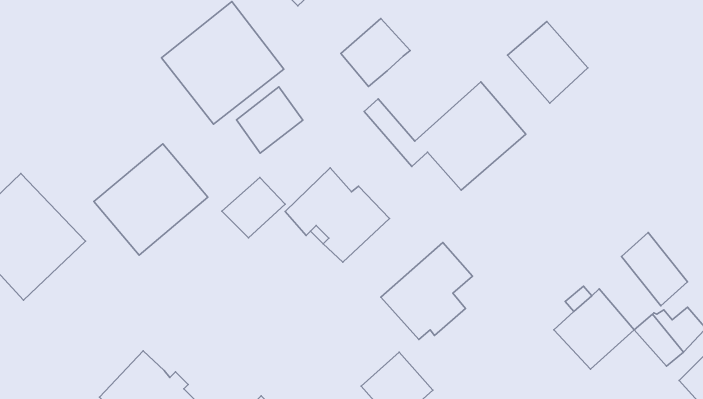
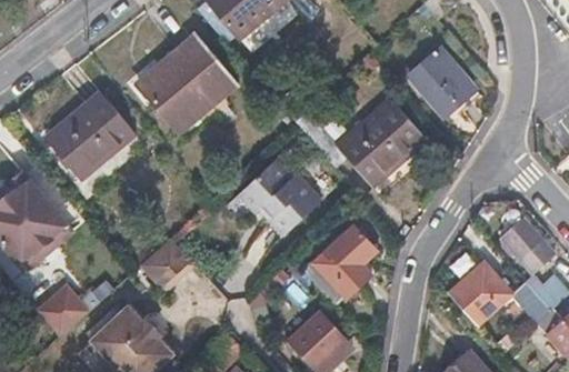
building: [341,19,410,87] -> none
building: [236,87,303,153] -> none
building: [94,144,208,255] -> [44,94,134,182]
building: [222,177,285,238] -> [142,241,192,289]
building: none -> [36,281,90,335]

